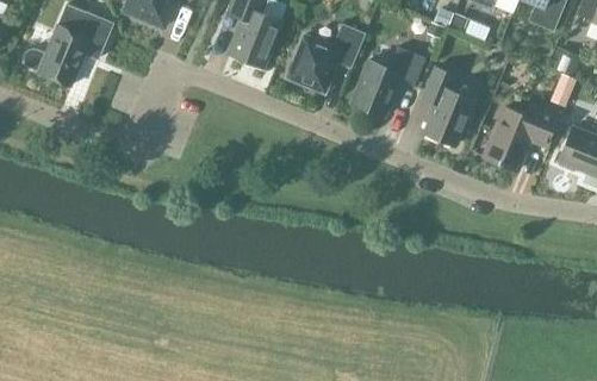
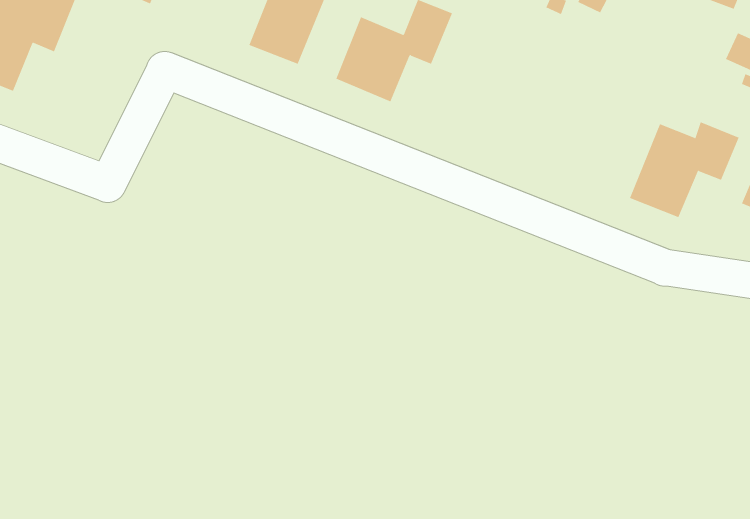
building: [350,48,424,117] -> none
building: [422,68,473,145] -> none

